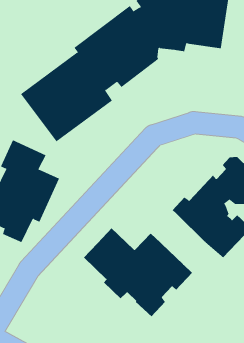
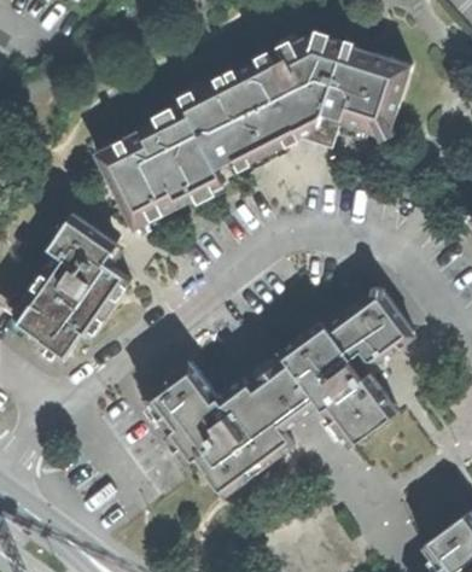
building: none -> [249,357,317,430]

